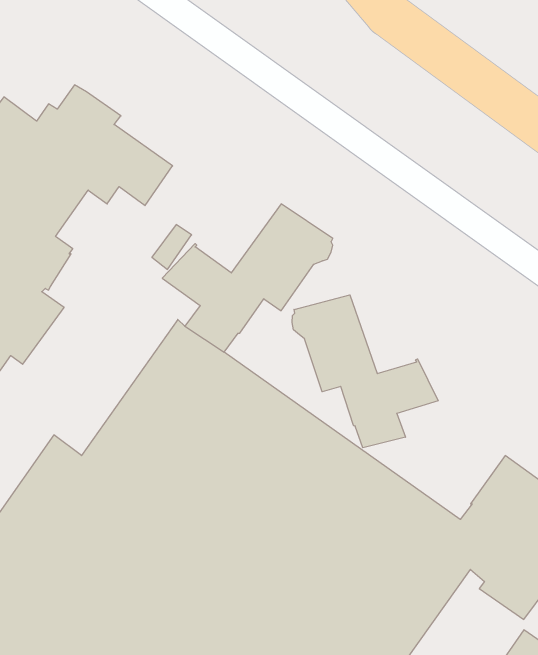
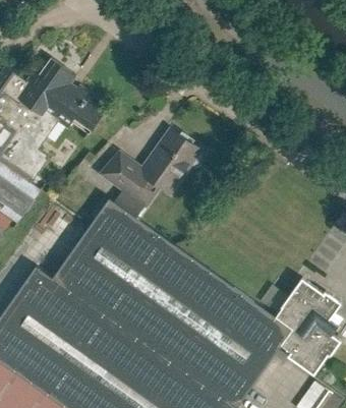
building: [292,295,438,448] -> none

